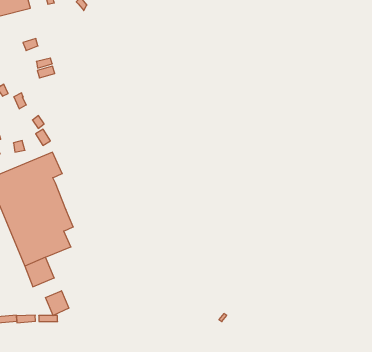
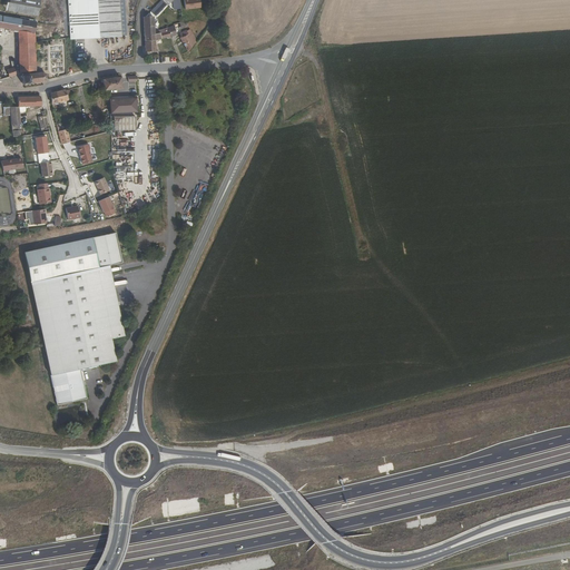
building: [45,291,69,316] -> none

